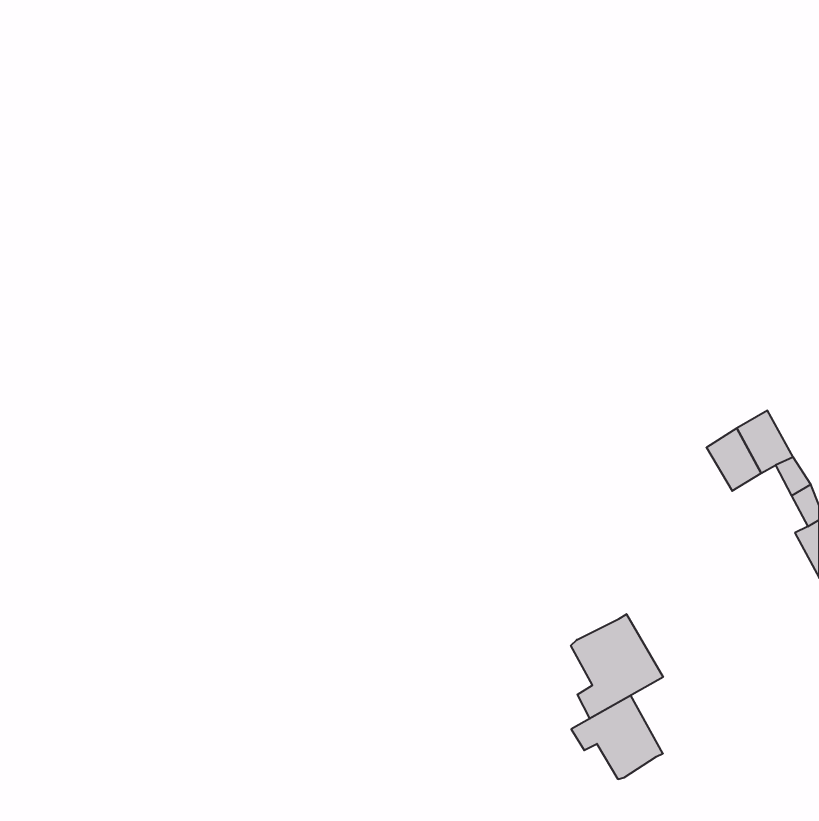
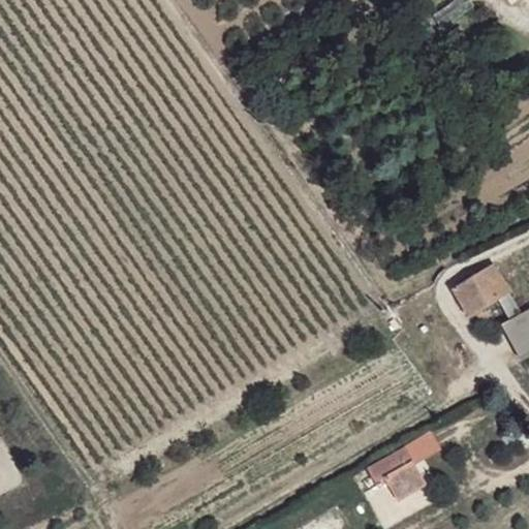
building: [571,614,663,719] -> none

